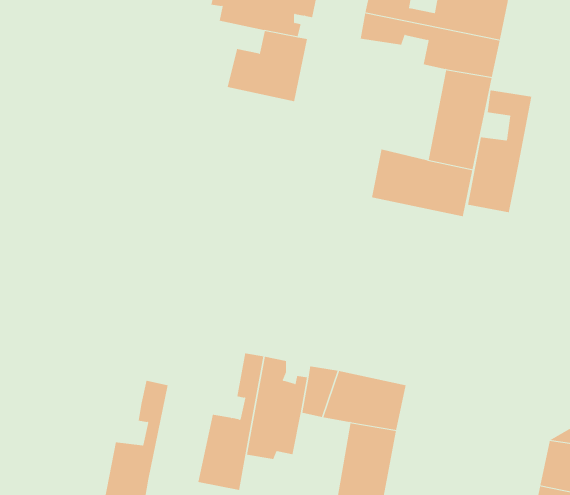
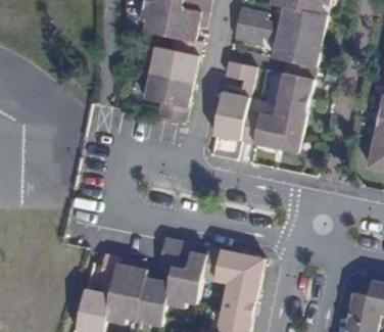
building: none -> [143,70,192,121]
building: [467,90,532,213] -> [213,62,254,140]
building: none -> [100,258,141,322]

